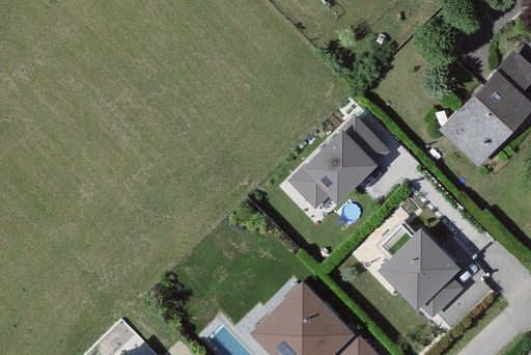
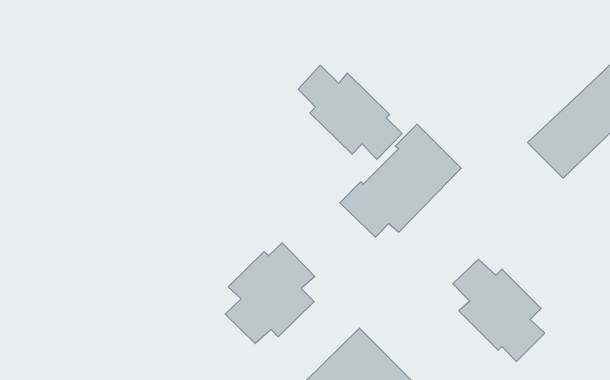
building: none -> [298,65,402,159]
building: none -> [225,243,315,344]

